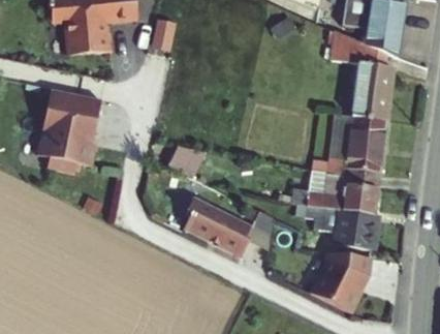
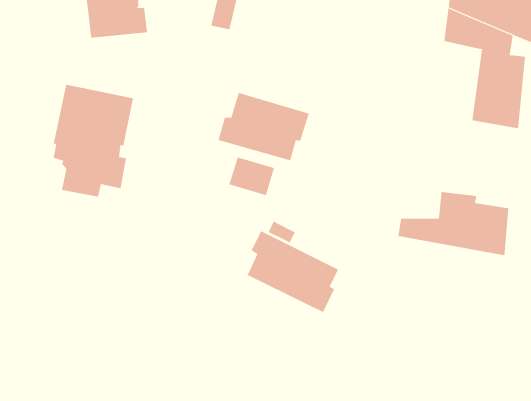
building: none -> [218,92,309,161]
building: [315,113,386,181] -> none
building: [295,202,376,251] -> none
building: [315,253,373,315] -> none

